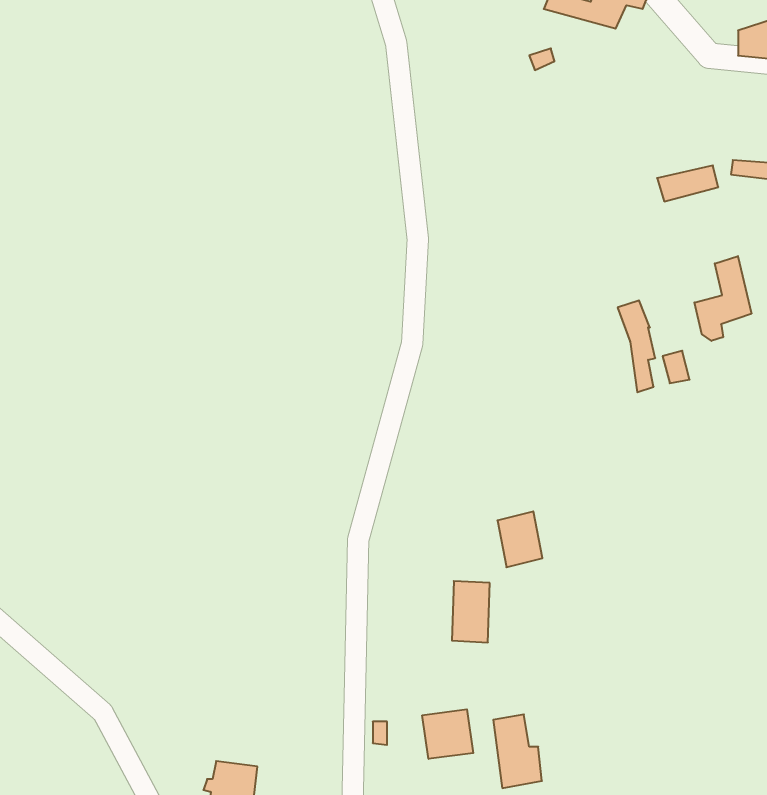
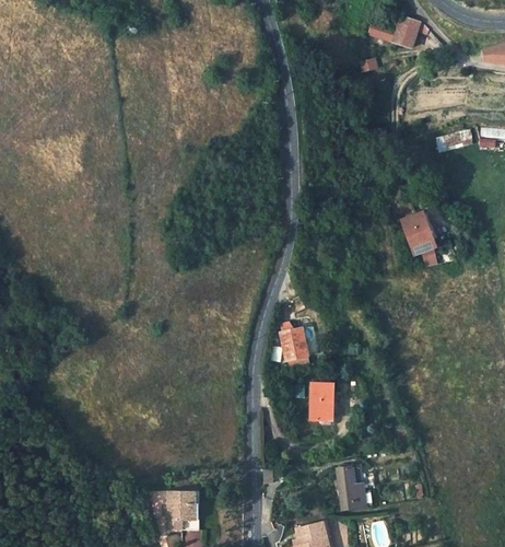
building: [694,256,751,341] -> none
building: [497,511,542,567] -> [281,326,308,360]
building: [422,709,473,759] -> none

